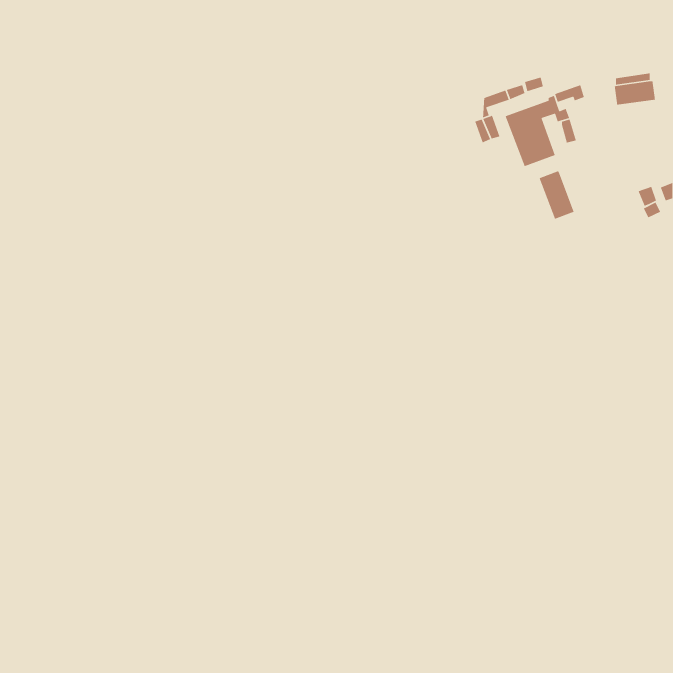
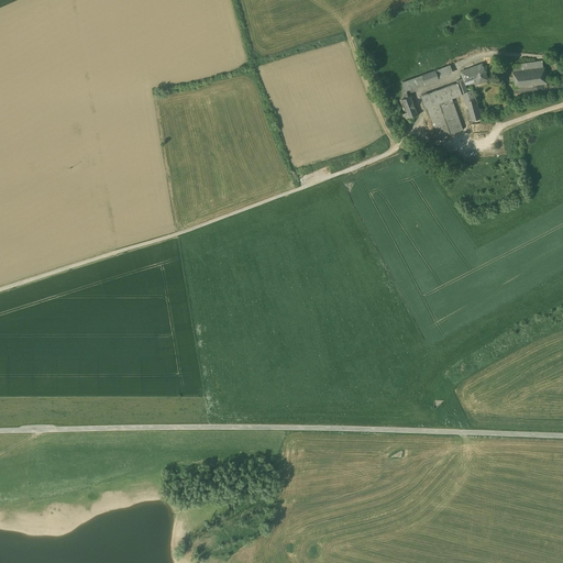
building: [538,170,575,220] -> none

